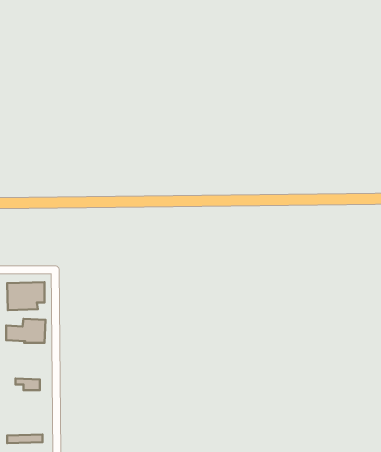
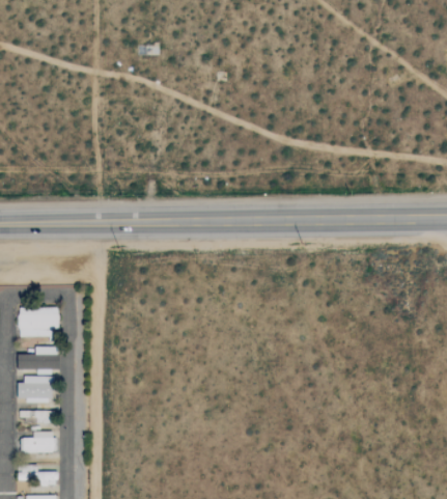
building: none -> [17,377,53,401]
building: none -> [21,432,54,452]

